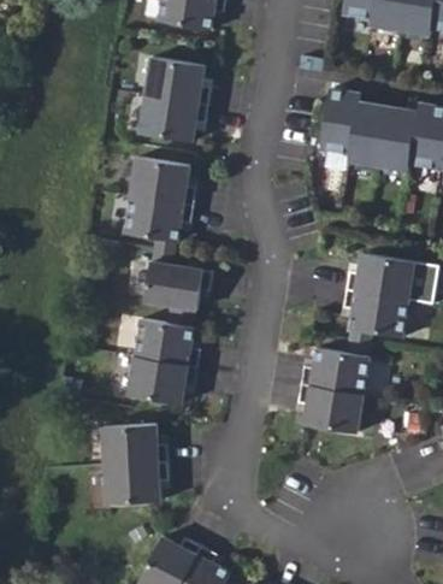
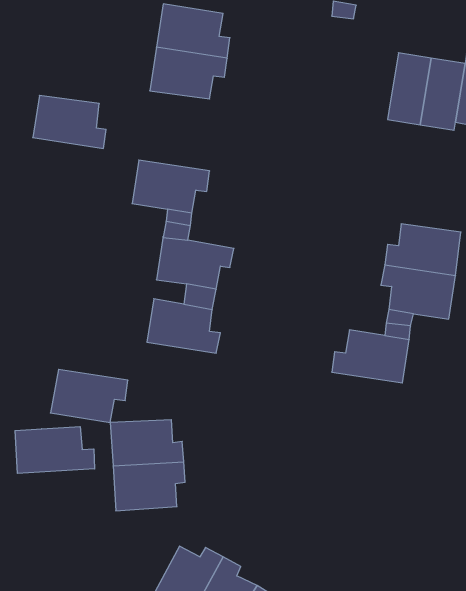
building: [319,88,359,153] -> none
building: [128,159,193,206] -> [33,95,106,148]
building: [128,358,196,405] -> [50,369,128,422]
building: [296,384,361,431] -> none
building: none -> [15,427,95,473]

